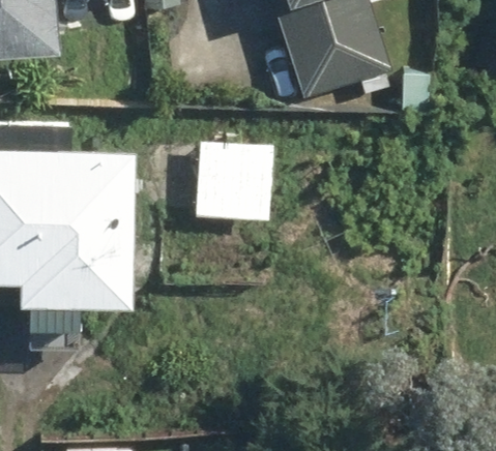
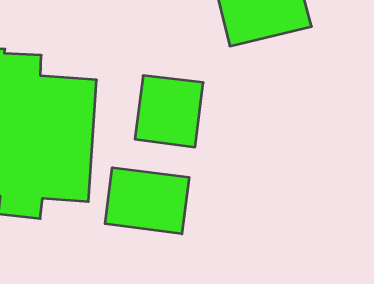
building: none -> [105,168,189,234]

